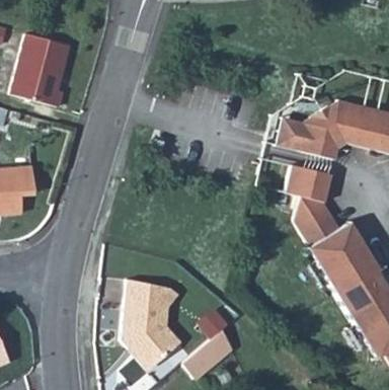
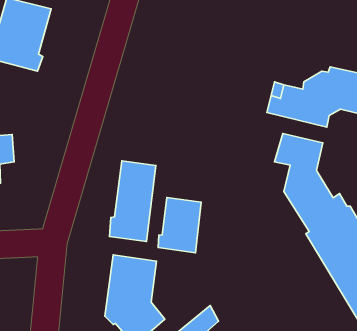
building: none -> [109,161,156,242]
building: none -> [158,198,201,253]

